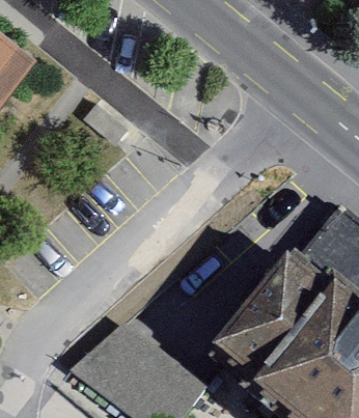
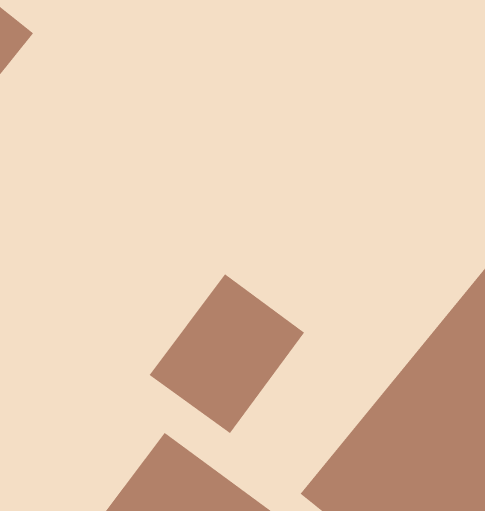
building: none -> [149,273,305,434]

